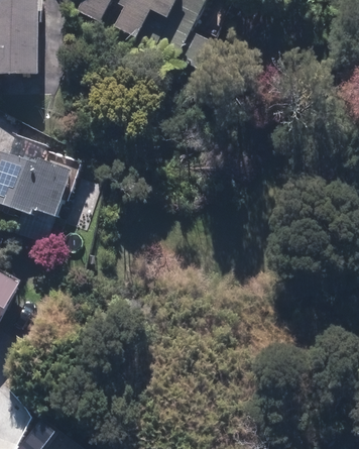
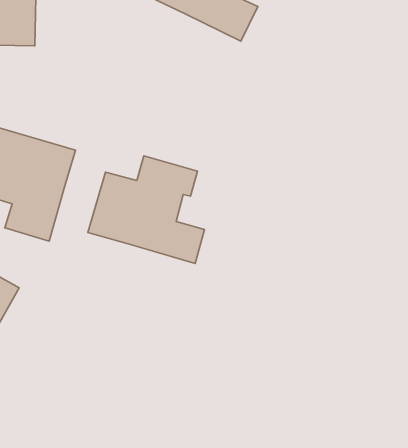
building: none -> [88,156,205,264]

